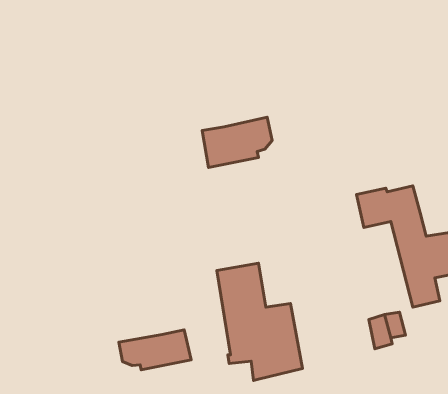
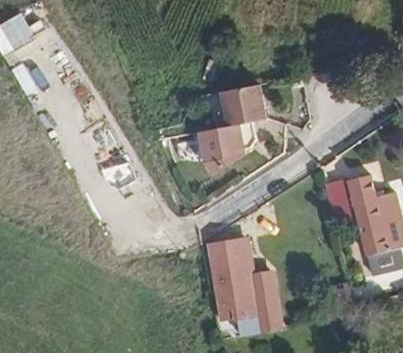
building: none -> [216,84,267,128]
building: [119,330,191,370] -> none

